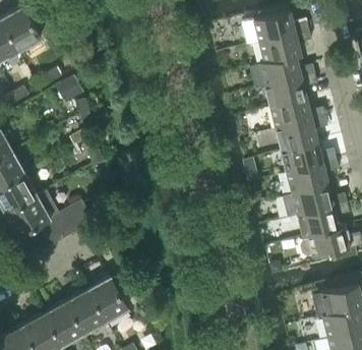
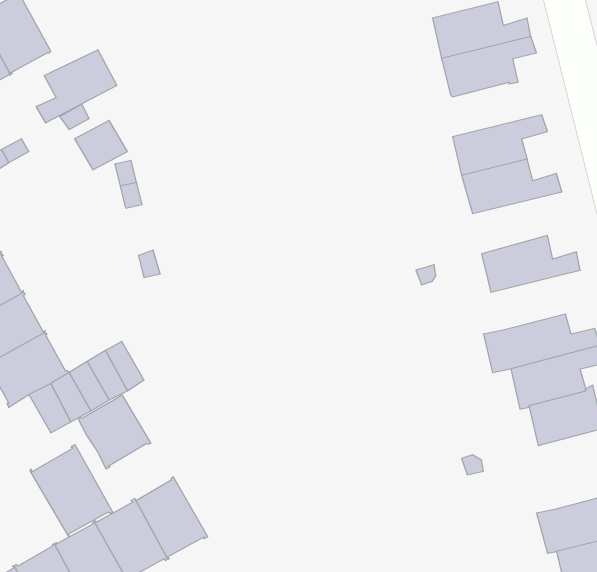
building: none -> [36,50,117,123]
building: [250,55,314,88] -> none
building: [276,116,327,151] -> none
building: [286,160,339,193] -> none
building: none -> [78,394,151,469]
building: none -> [30,445,113,537]

